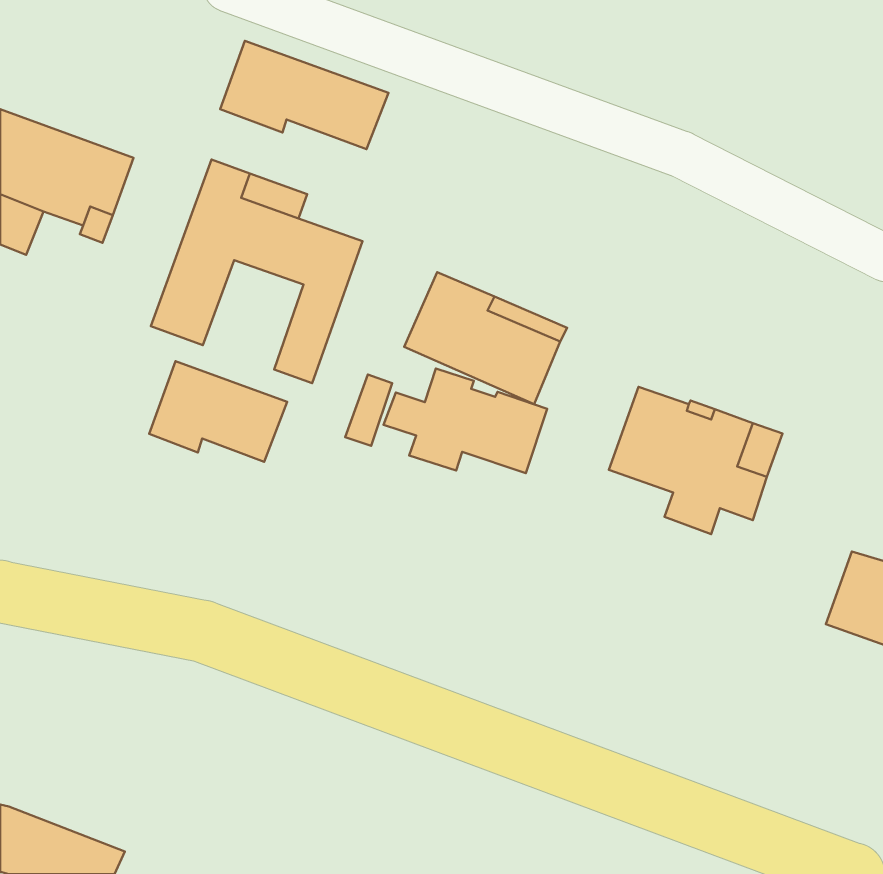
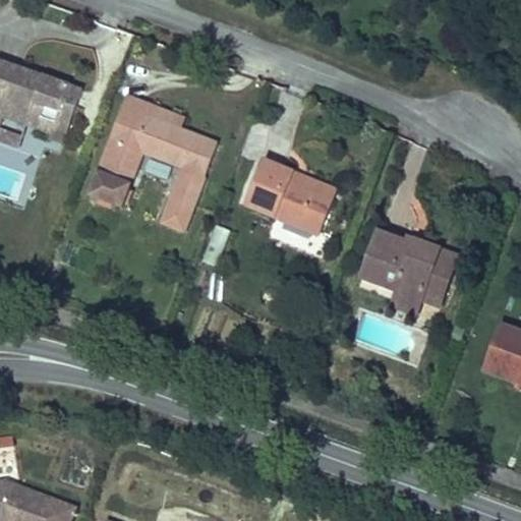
building: [220,41,388,149] -> none
building: [149,361,287,462] -> none
building: [383,369,547,473] -> none

